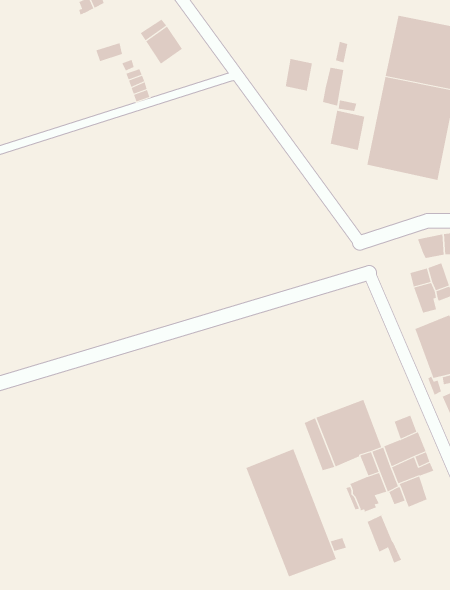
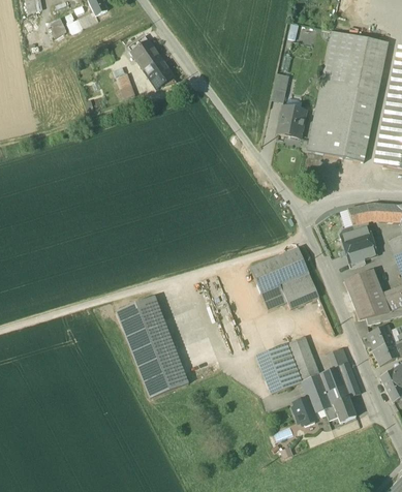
building: none -> [143,57,174,88]
building: [285,58,313,92] -> none
building: none -> [249,246,318,309]
building: [246,448,337,577] -> [116,295,188,397]
building: [367,514,402,564] -> none

